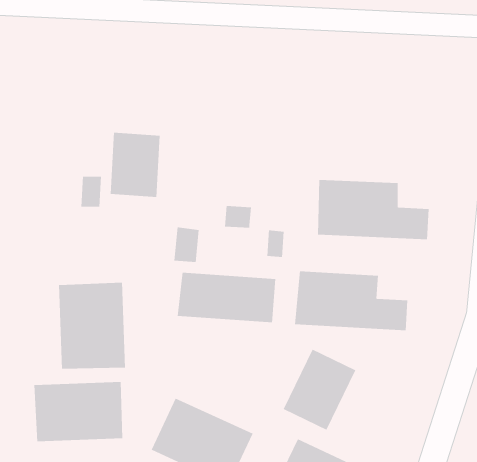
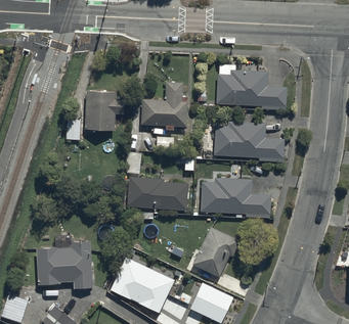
building: none -> [216,71,287,107]
building: none -> [140,83,188,128]
building: [58,282,126,370] -> none

